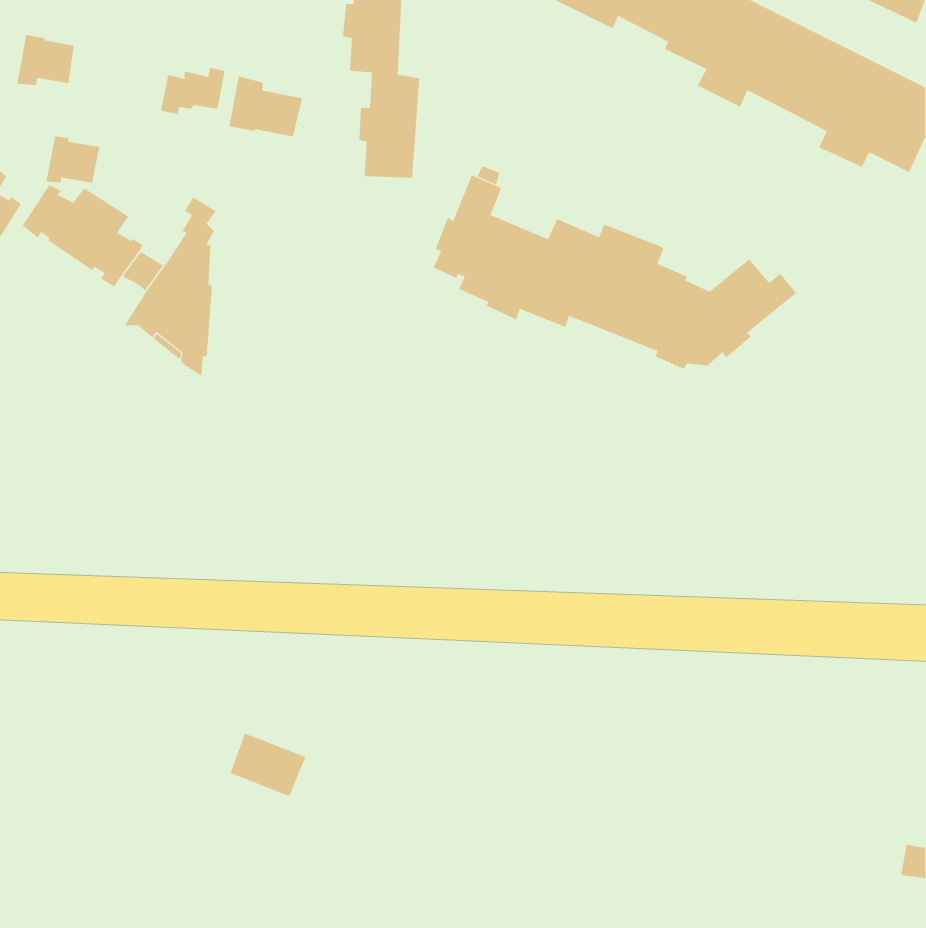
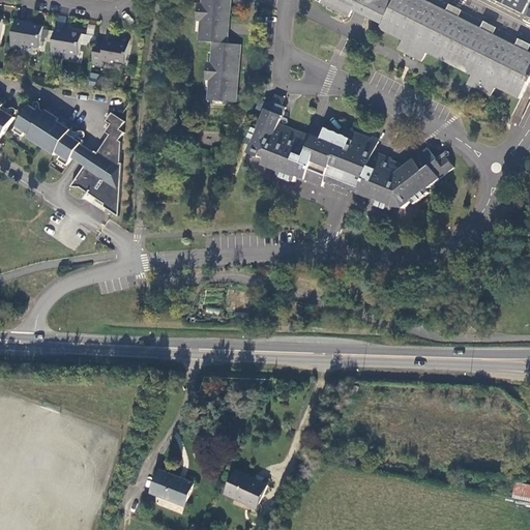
building: [229,75,303,137] -> none
building: [46,136,100,183] -> [51,28,82,55]
building: [230,733,306,797] -> [151,468,195,504]
building: none -> [226,468,268,504]

